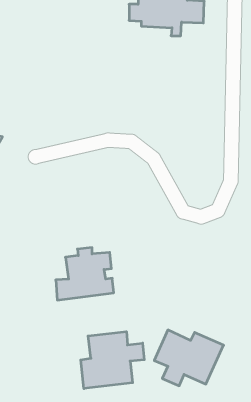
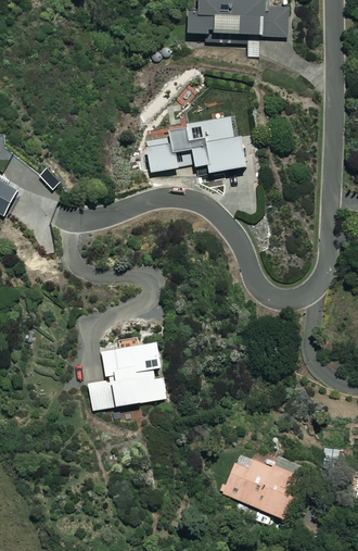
building: none -> [146,116,246,173]
building: [81,332,144,389] -> none

